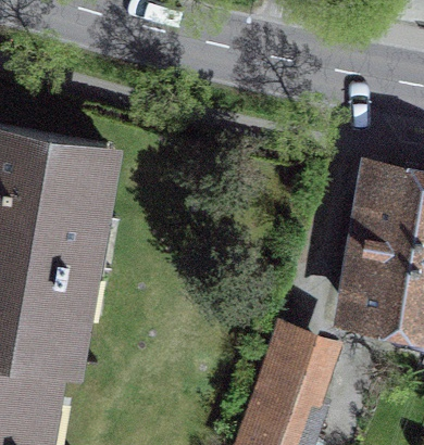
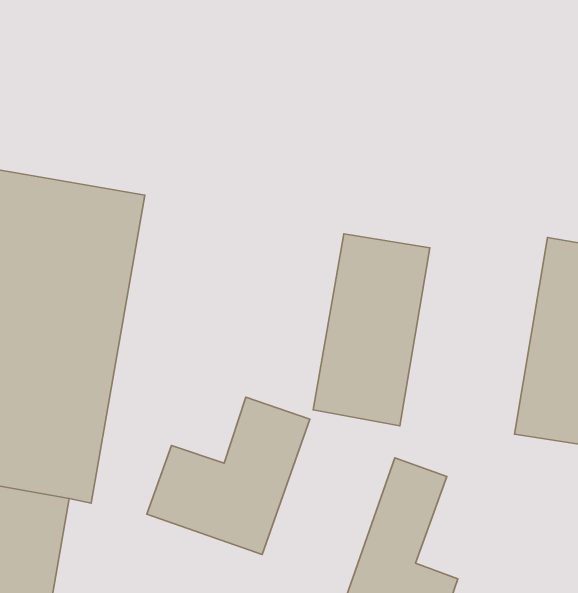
building: none -> [313,234,430,426]
building: none -> [147,397,310,555]

